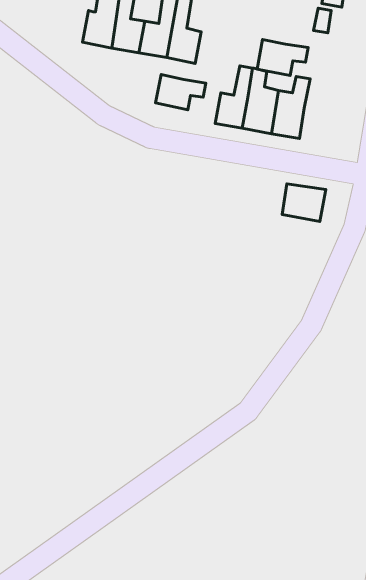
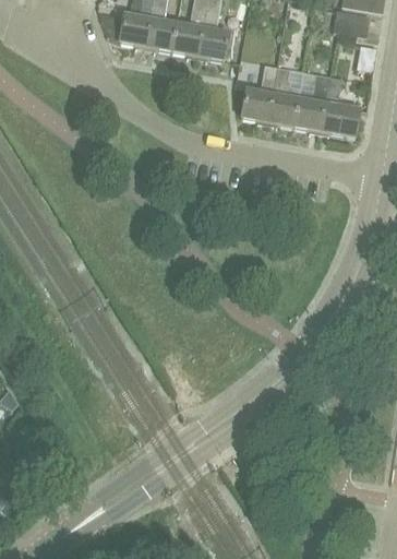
building: [257,39,308,76] -> none
building: [155,74,206,110] -> none
building: [282,184,326,221] -> [318,100,359,135]

